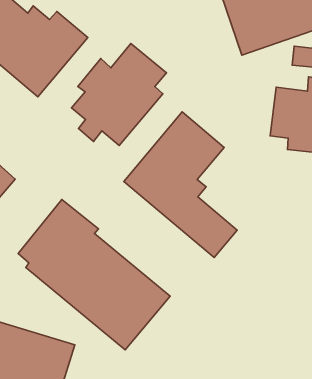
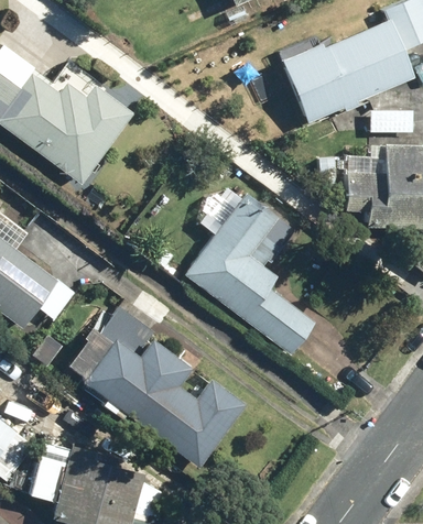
building: [72,43,166,146] -> none

